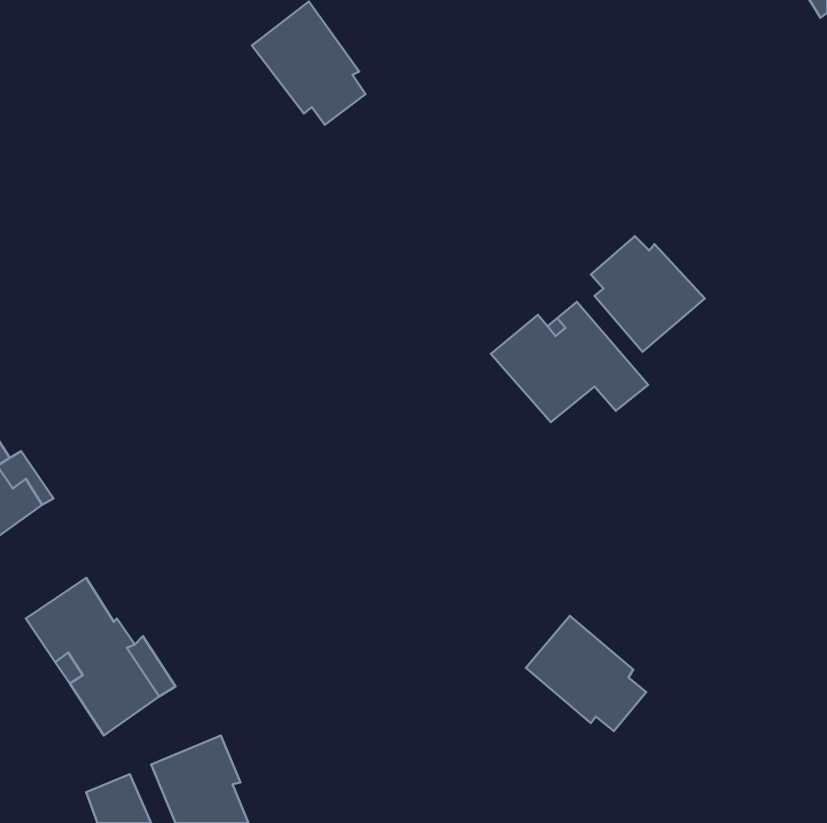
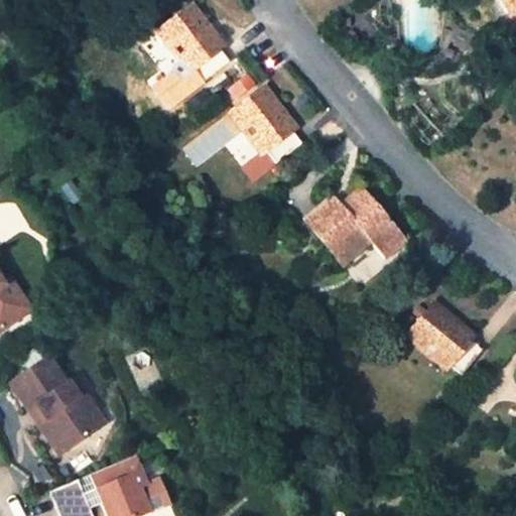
building: none -> [229,86,298,160]
building: [591,236,705,352] -> none
building: [526,616,646,731] -> [405,300,480,372]

